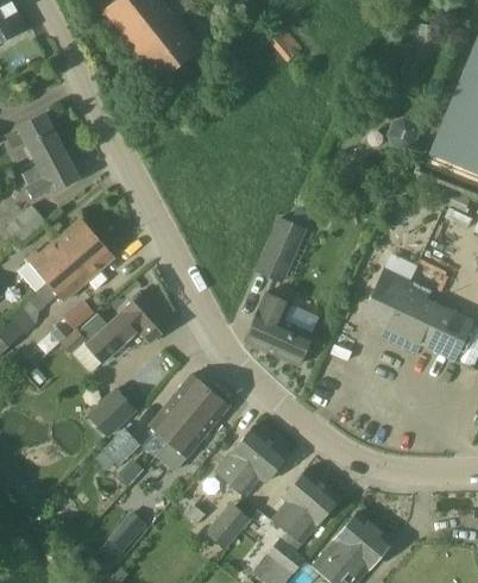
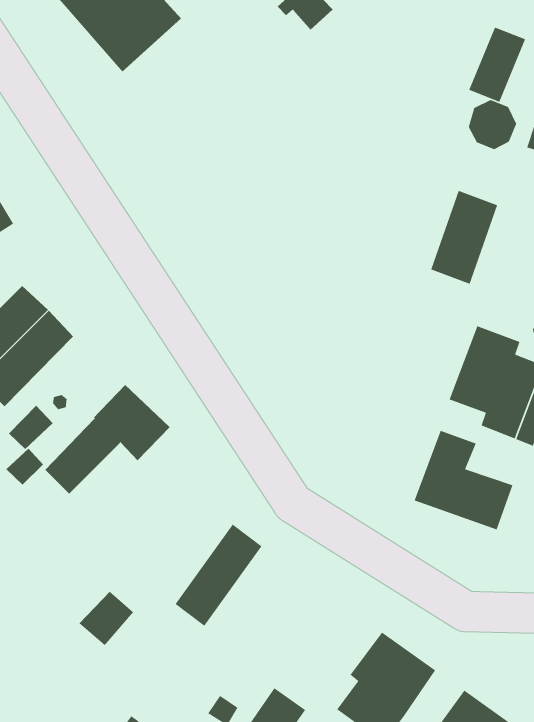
building: none -> [468,26,526,103]
building: [256,217,304,281] -> [430,190,498,285]
building: [244,293,312,363] -> [414,430,513,530]
building: [149,374,210,440] -> none
building: [88,389,136,435] -> none
building: [216,425,289,495] -> none

